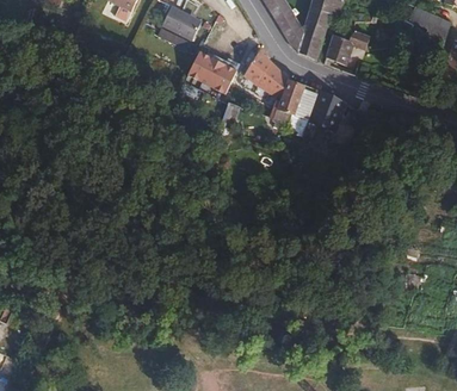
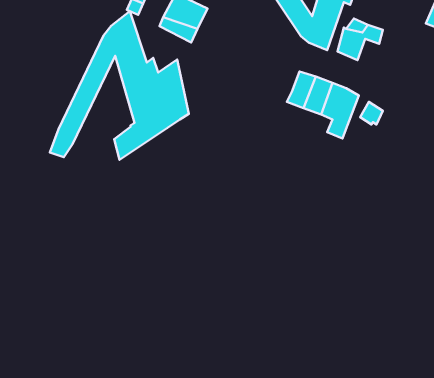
building: none -> [50,11,189,160]
building: [242,50,289,98] -> none
building: [187,51,239,93] -> none

